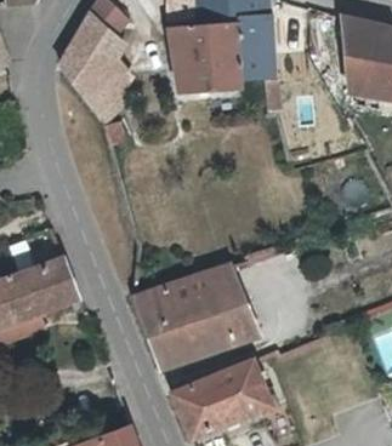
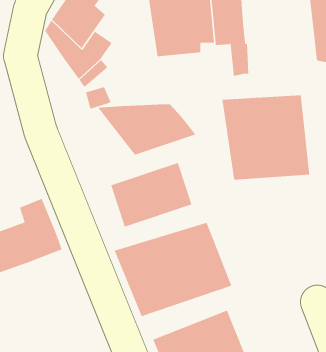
building: none -> [222,95,310,181]
building: none -> [97,104,196,156]
building: none -> [110,162,192,228]

